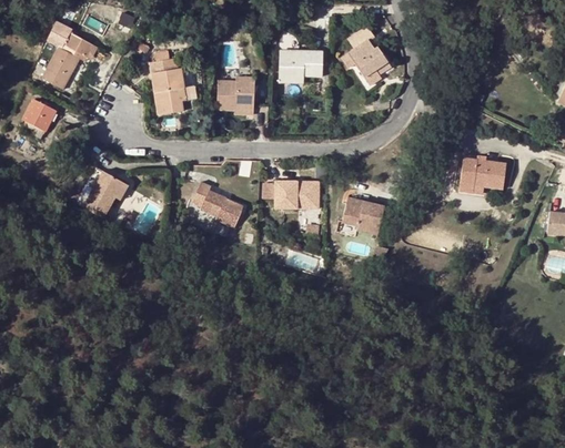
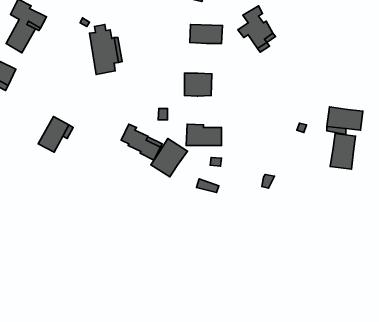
building: [218,82,253,112] -> [184,73,212,96]
building: none -> [330,134,356,169]
building: [342,197,386,235] -> none
building: none -> [151,138,188,177]

